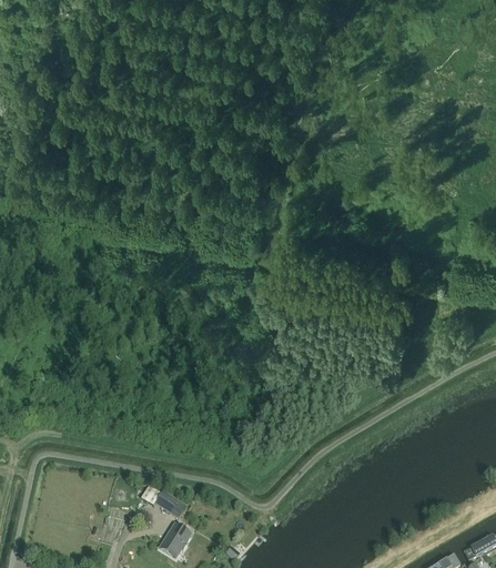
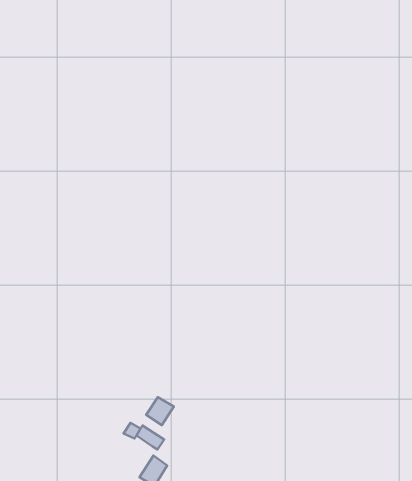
building: none -> [146,397,174,425]

